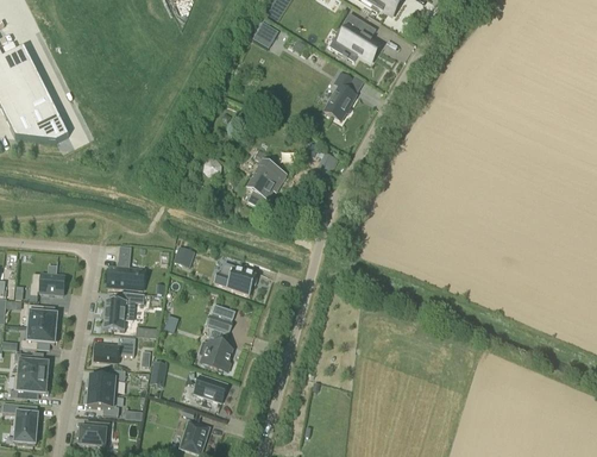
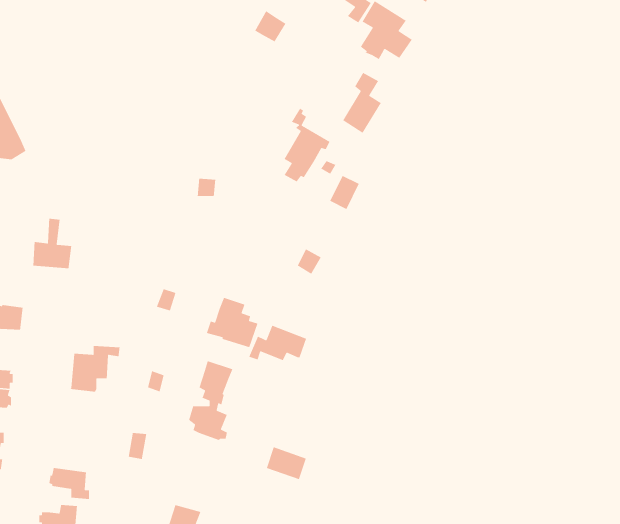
building: [247,146,285,207] -> [284,108,331,183]
building: [107,248,139,289] -> [33,218,72,269]
building: none -> [248,325,308,361]
building: [94,336,136,361] -> none
building: [87,370,126,395] -> none
building: [194,375,227,402] -> [266,446,307,480]

